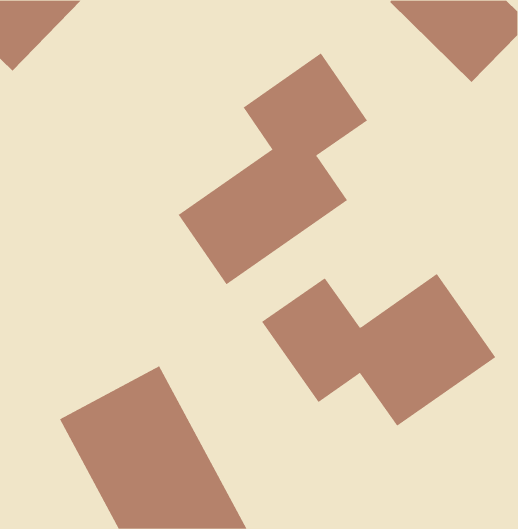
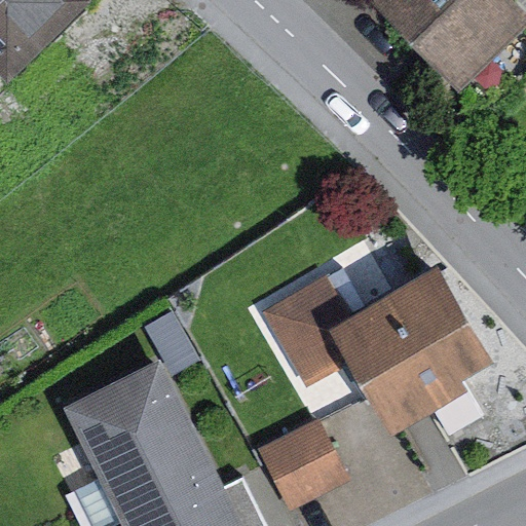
building: [178,53,368,285] -> none
building: none -> [271,422,348,503]

